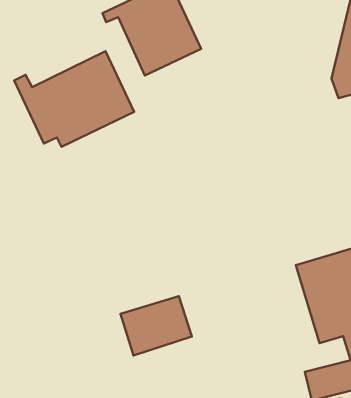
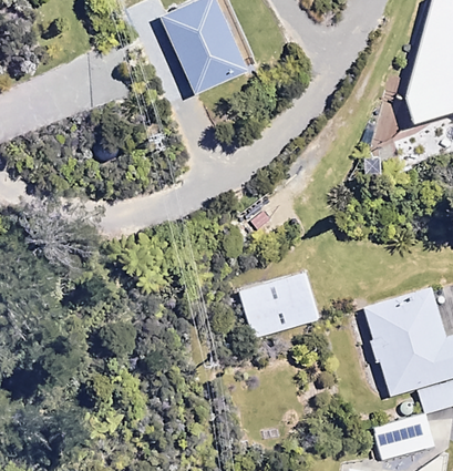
building: [14,51,134,147] -> none
building: [121,296,192,355] -> [239,274,319,340]

